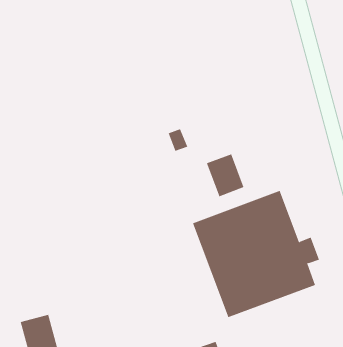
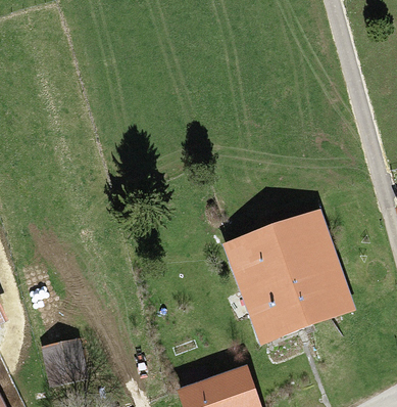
building: [206,153,244,197] -> none

